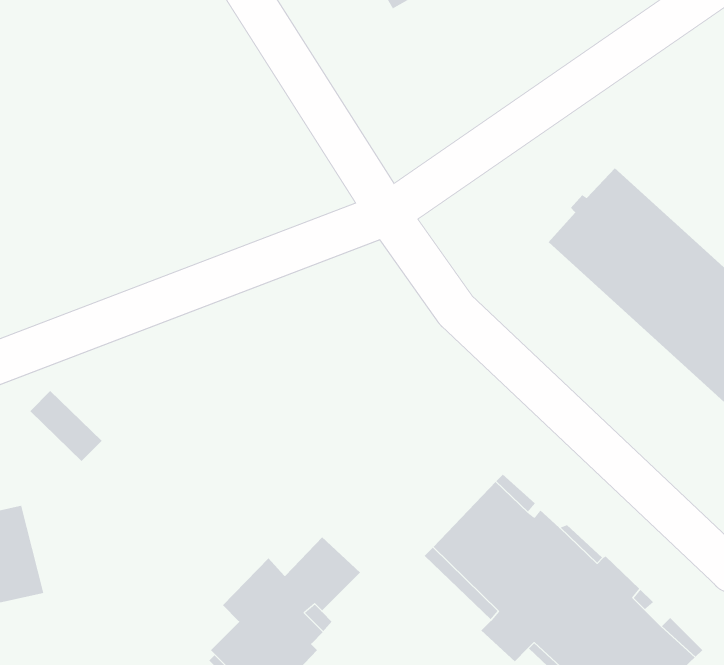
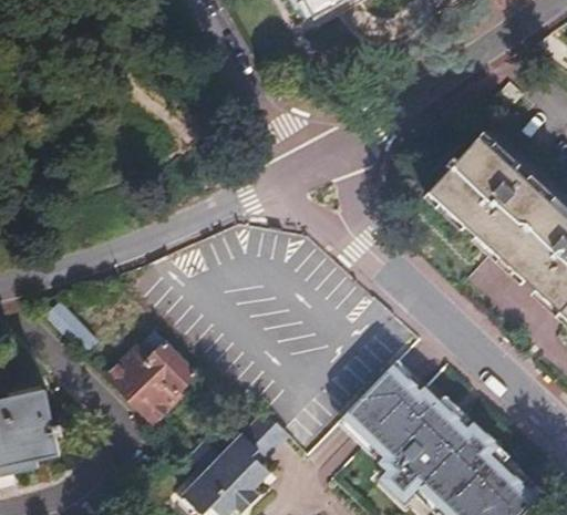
building: none -> [107,332,197,425]

